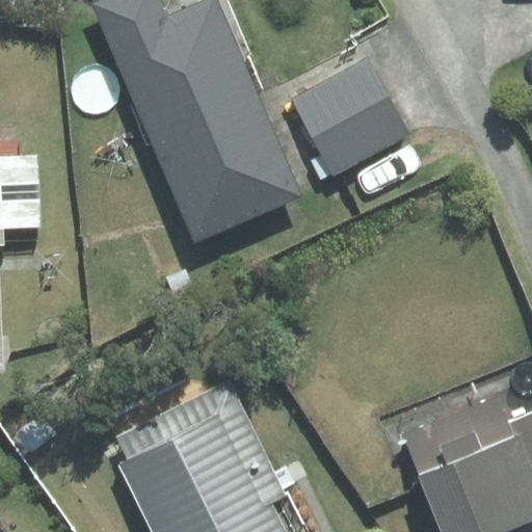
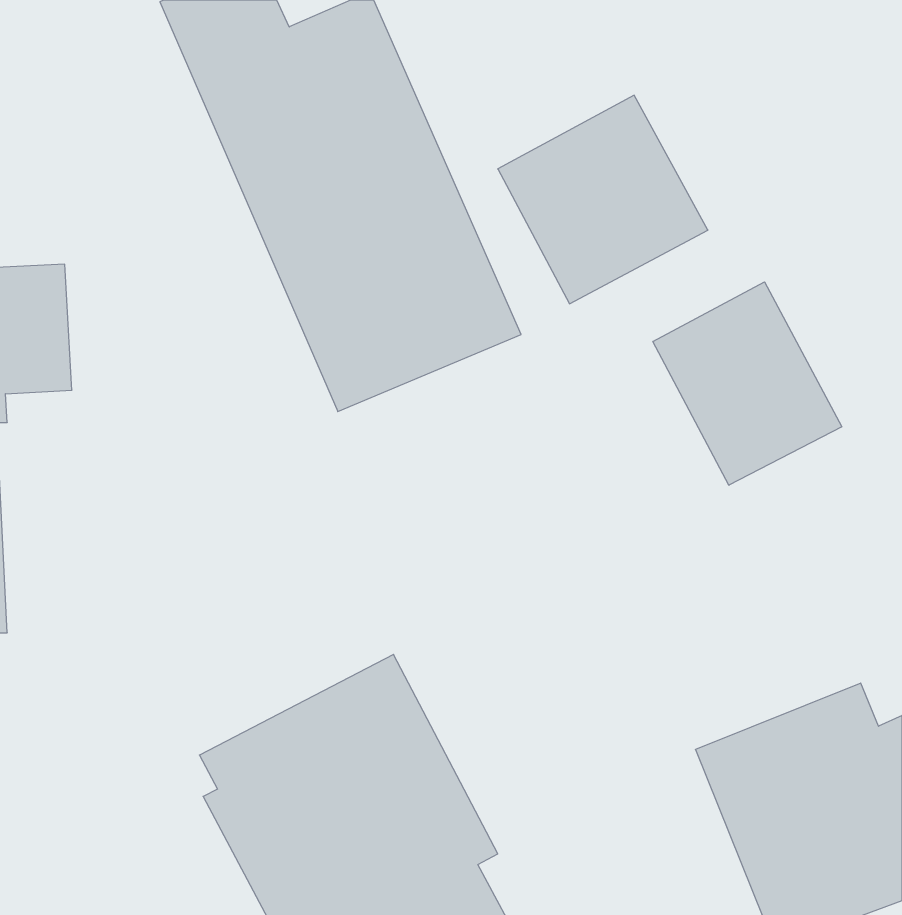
building: none -> [653,282,842,485]

